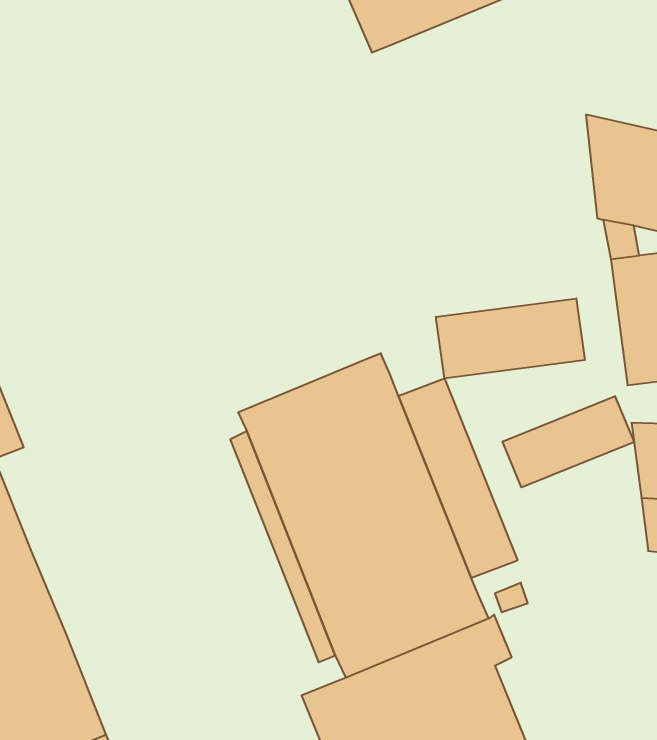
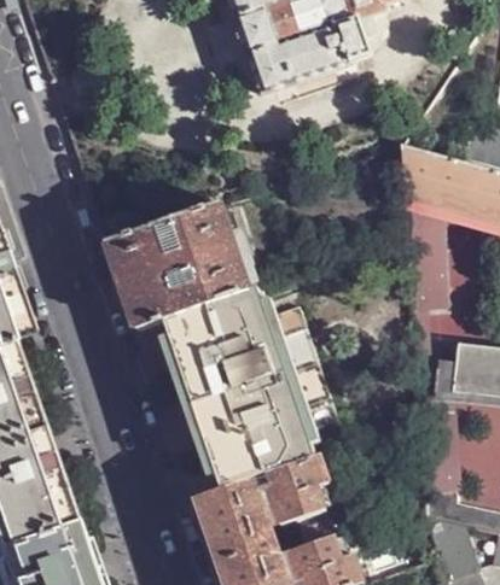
building: none -> [109,205,254,330]
building: [436,298,585,378] -> none
building: [503,396,634,487] -> none

